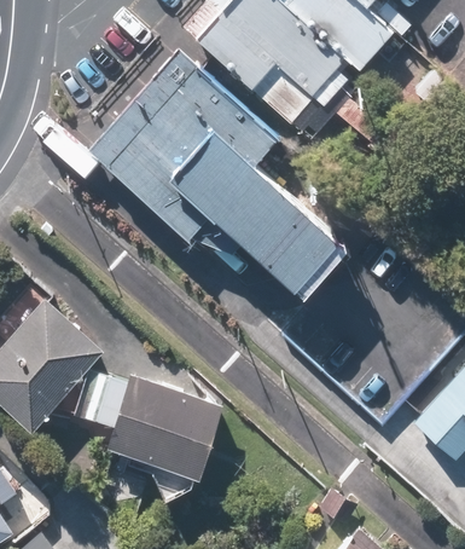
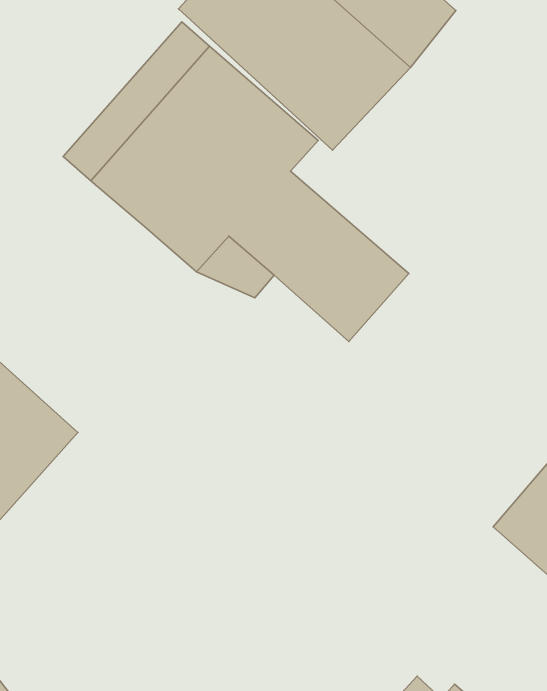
building: [77,374,222,478] -> none

